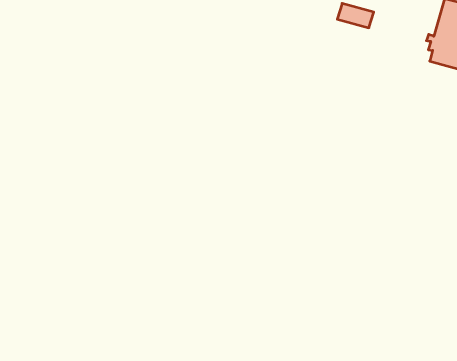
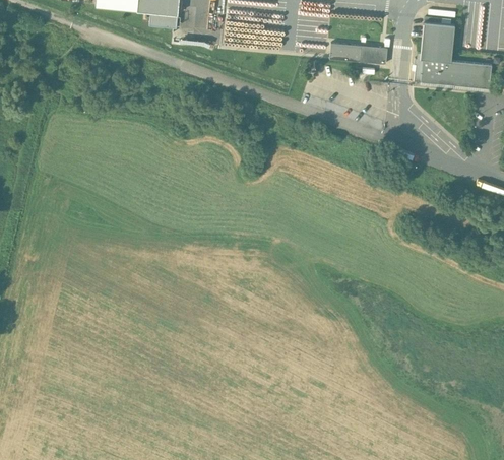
building: none -> [360,46,388,64]

